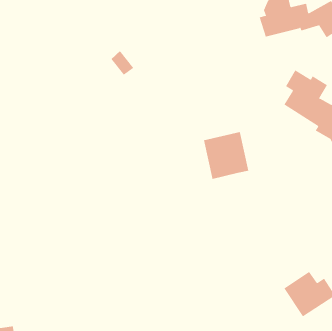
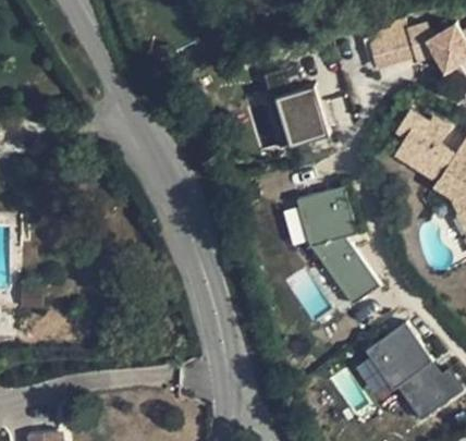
building: none -> [277,85,329,146]
building: none -> [307,240,377,305]
building: none -> [364,323,429,389]

